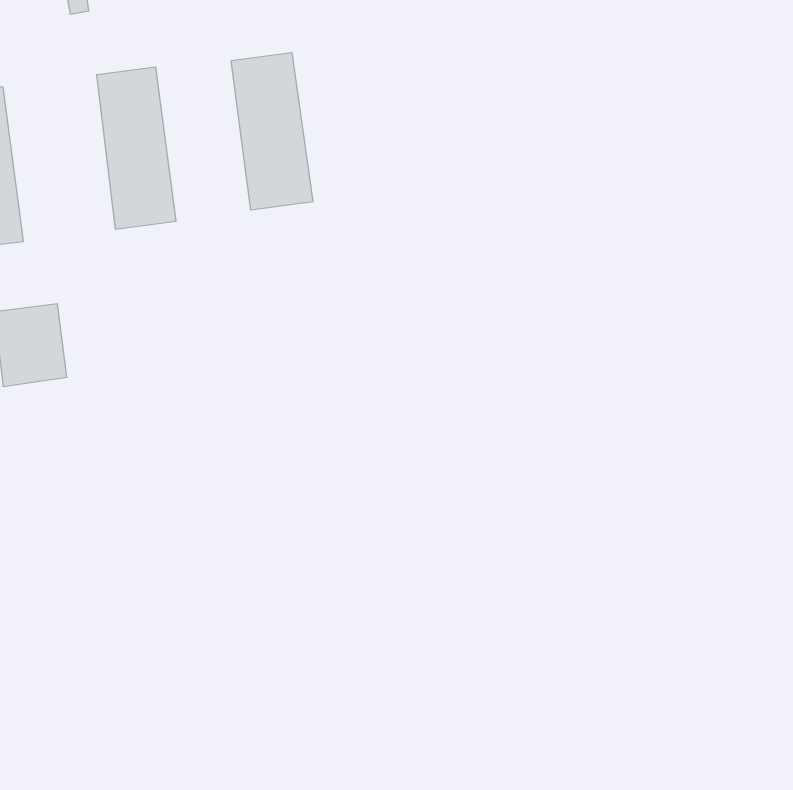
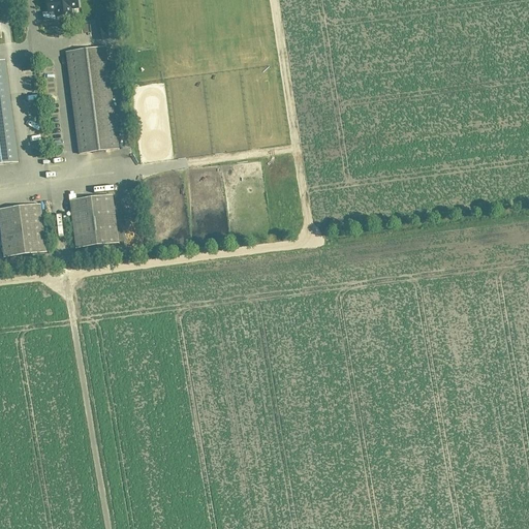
building: [231,53,313,210] -> none
building: none -> [68,192,116,246]

